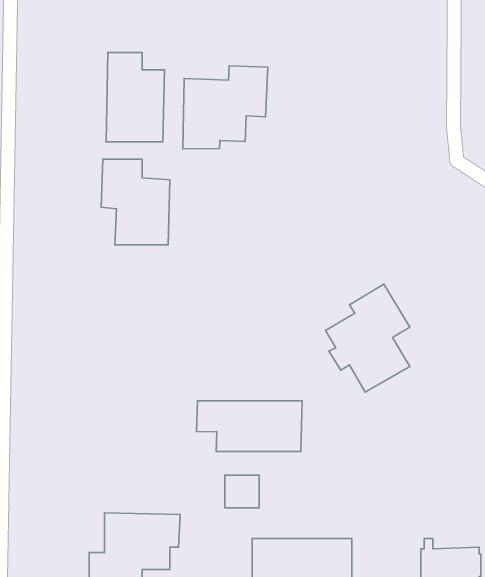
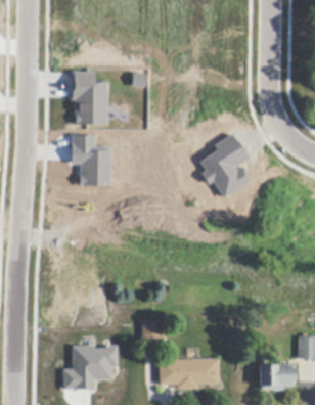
building: [183,66,268,149] -> none
building: [326,284,410,392] -> [198,132,249,196]
building: [197,401,302,452] -> none

